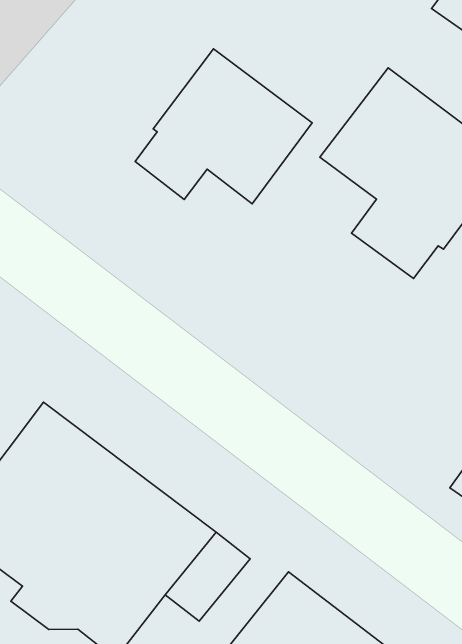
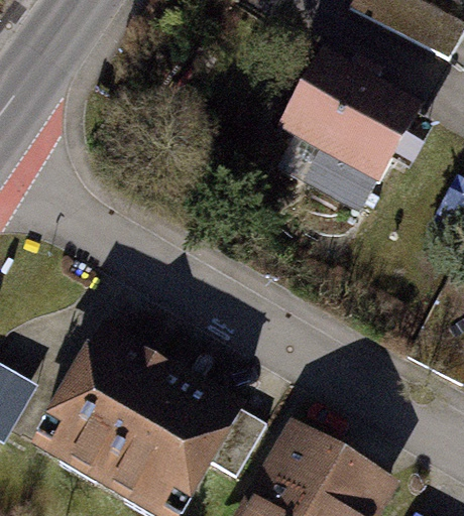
building: [135,49,312,204] -> none

